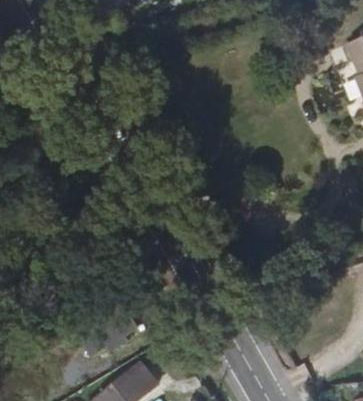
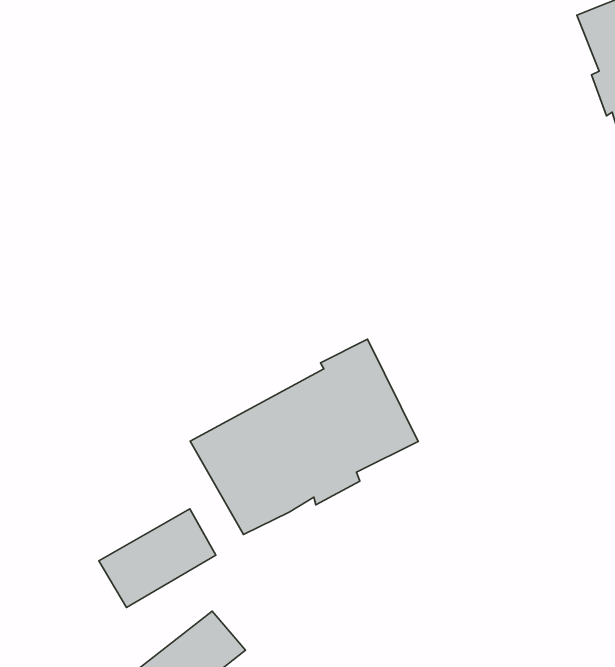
building: none -> [190,339,418,535]

